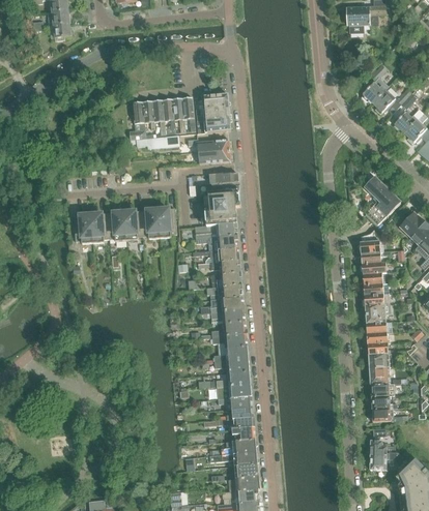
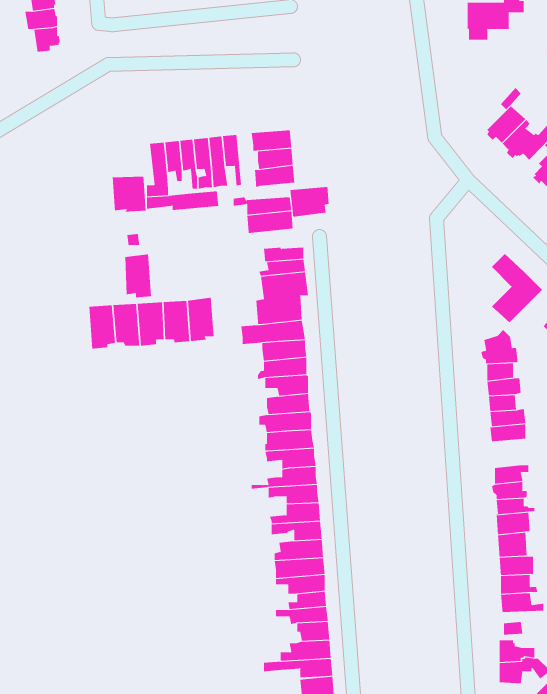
building: none -> [112,176,146,213]
building: none -> [290,186,329,217]
building: [74,213,92,243] -> [124,254,152,298]
building: [365,303,390,323] -> none

